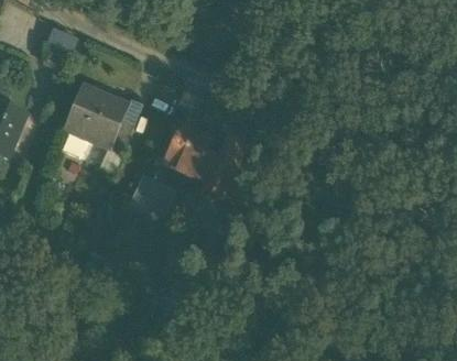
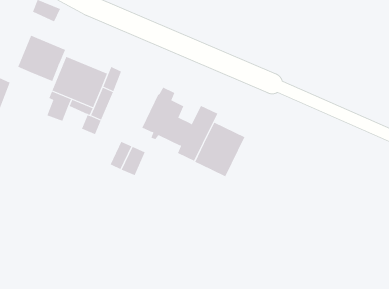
building: none -> [17,35,66,82]
building: none -> [195,122,245,177]

